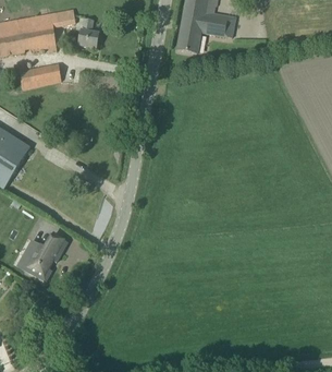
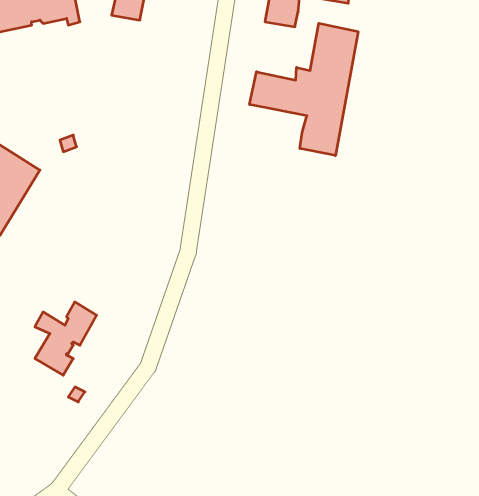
building: none -> [250,23,358,156]
building: [17,62,61,88] -> none

